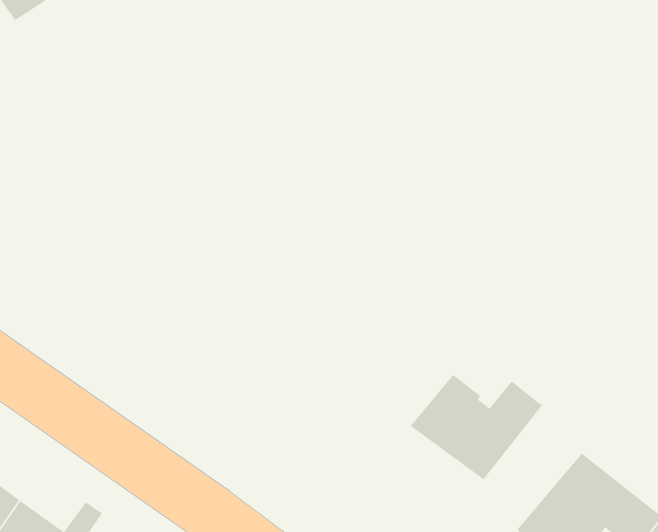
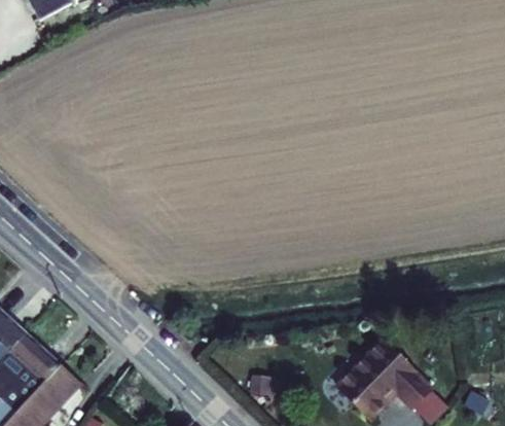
building: [410,374,543,480] -> none

